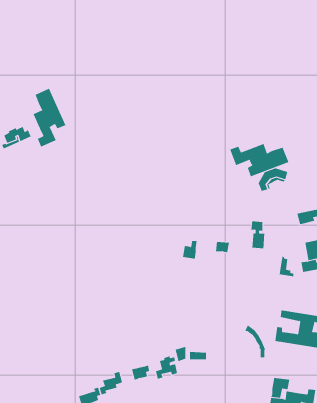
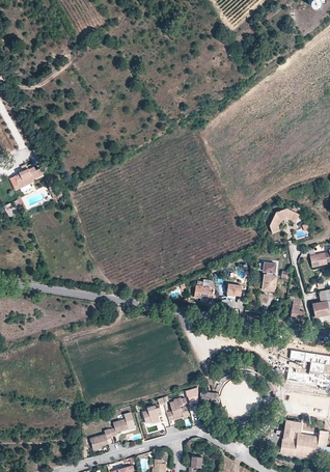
building: [33,88,66,147] -> none
building: [229,143,289,177] -> none

